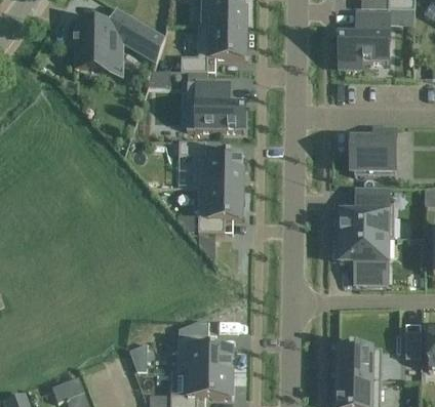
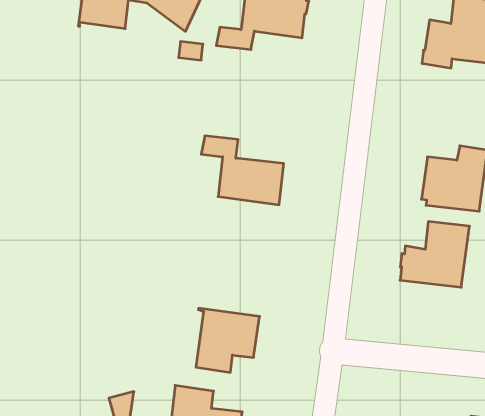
building: [186,80,244,130] -> none
building: [194,186,241,232] -> [196,308,260,372]
building: [339,234,387,281] -> none

